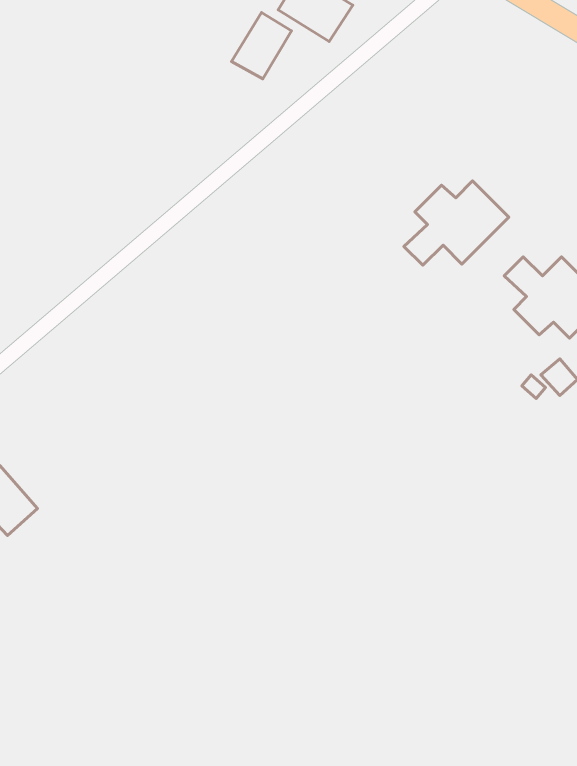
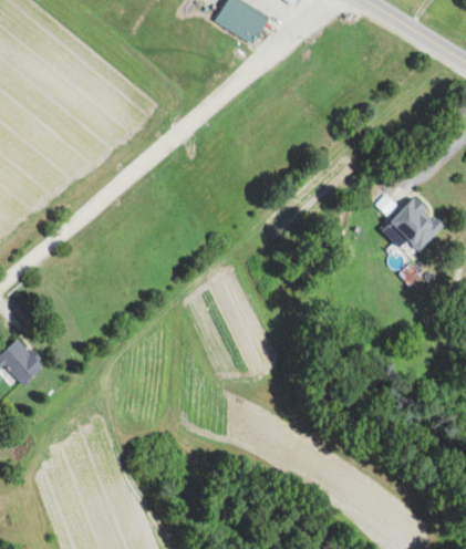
building: [232,13,291,79] -> none
building: [404,181,509,265] -> none

